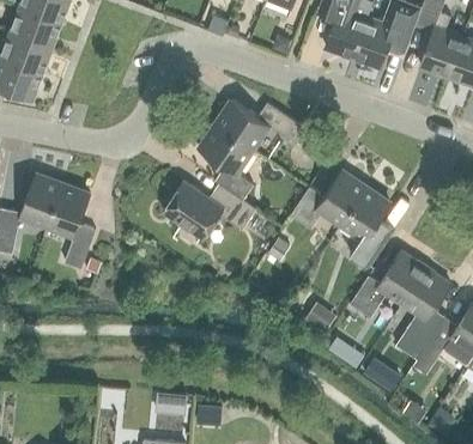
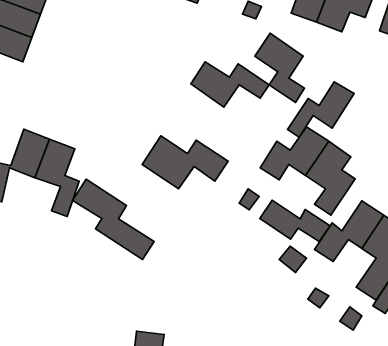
building: none -> [288,82,354,137]
building: [199,124,253,200] -> [255,33,304,103]
building: none -> [72,179,154,260]
building: none -> [260,200,330,242]

